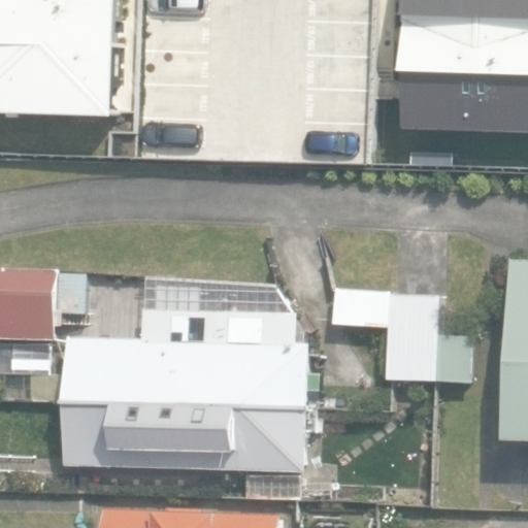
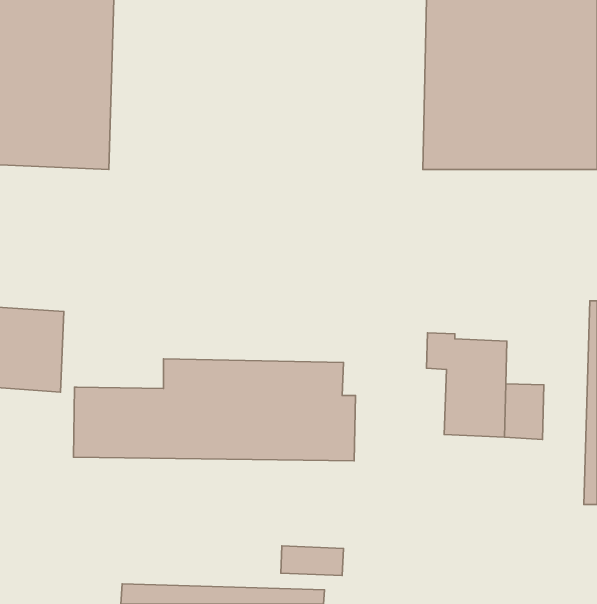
building: [63,398,308,469] -> none

